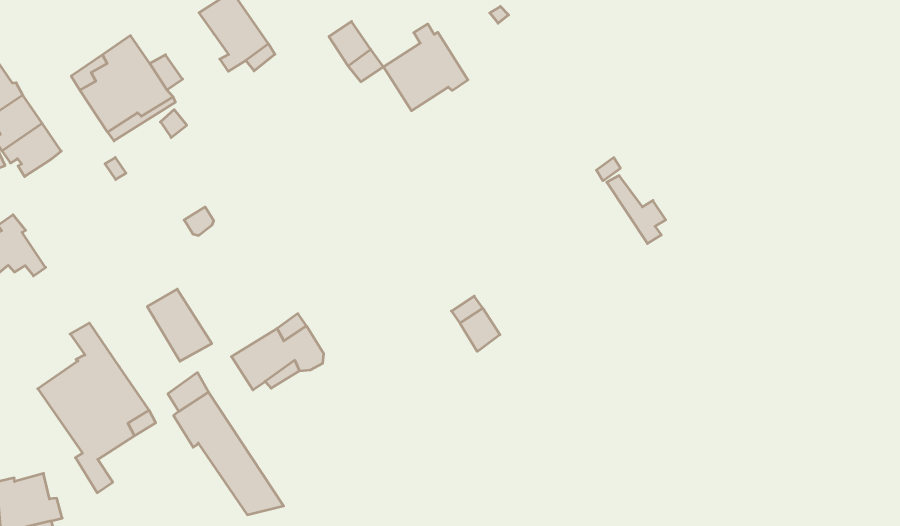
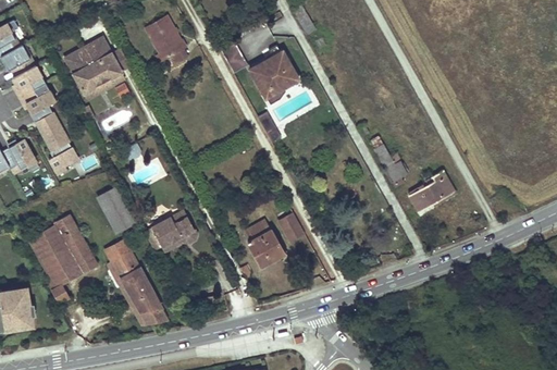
building: none -> [32,106,79,172]
building: none -> [409,171,455,211]
building: none -> [245,221,283,268]

